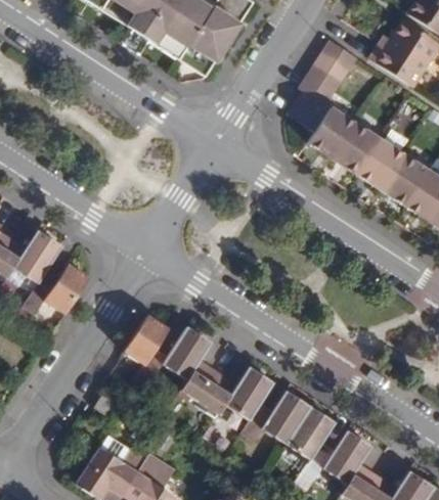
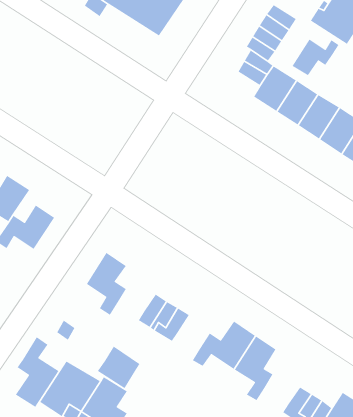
building: none -> [292,39,340,76]
building: [163,326,212,379] -> none
building: [225,366,274,420] -> none
building: none -> [15,336,60,408]
building: none -> [97,346,141,389]
building: [321,427,370,482] -> none

